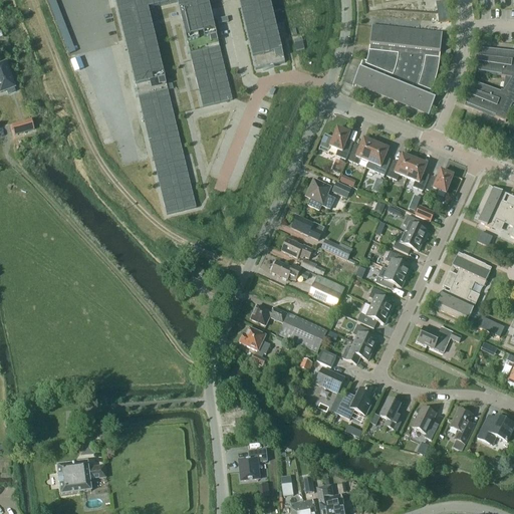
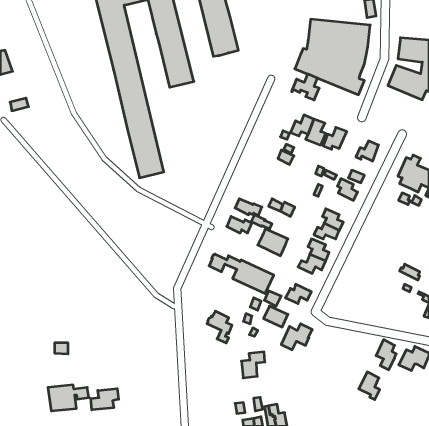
building: [318,126,351,158] -> [292,74,319,100]
building: [406,158,428,190] -> none
building: [306,179,334,209] -> none
building: [291,215,324,239] -> none
building: [393,231,423,253] -> none
building: [435,253,490,318] -> none
building: [352,323,377,349] -> none
building: [417,325,461,351] -> none
building: [239,326,269,364] -> [207,311,232,343]
building: [379,398,403,430] -> none
building: [412,406,437,439] -> [359,372,380,400]
building: [239,448,267,479] -> [241,352,265,378]
building: none -> [91,389,119,410]

